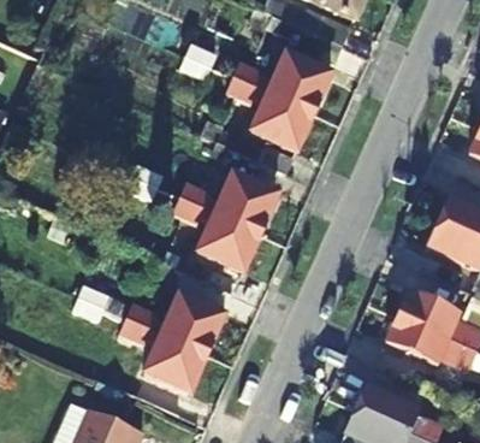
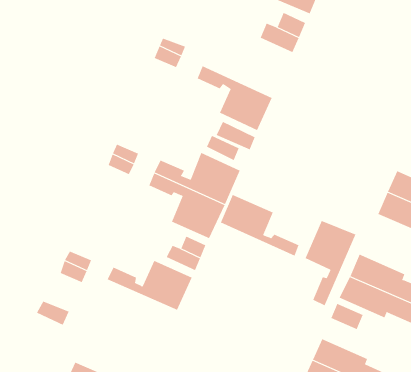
building: [232,55,330,113] -> none
building: none -> [220,194,299,256]
building: none -> [305,220,356,306]
building: [119,318,205,391] -> none

